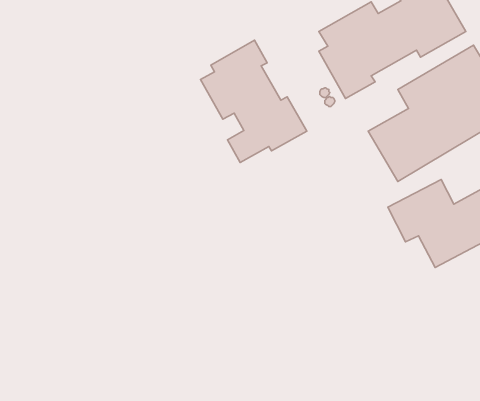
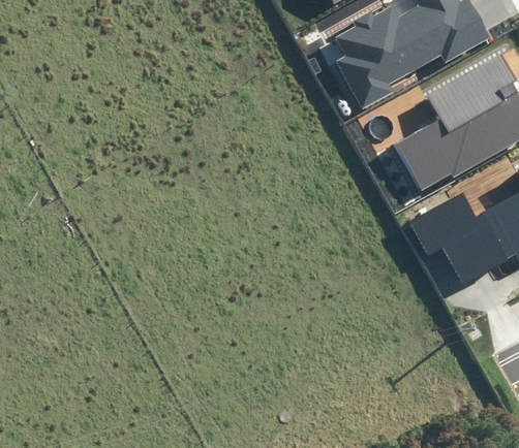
building: [200,40,307,162] -> none

